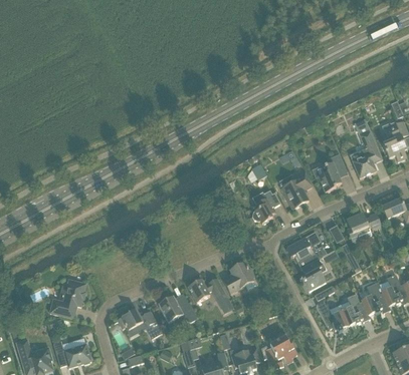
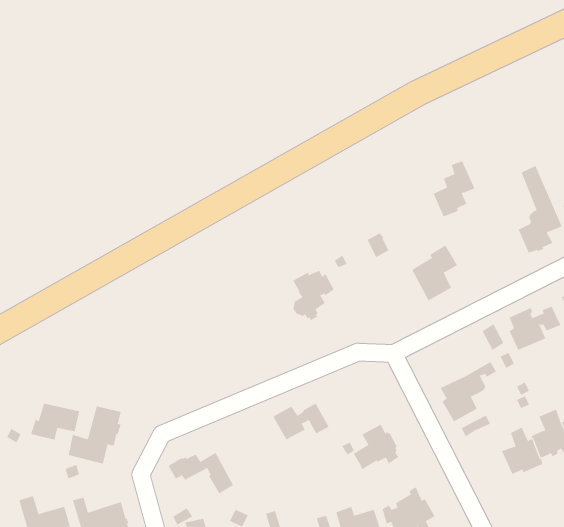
building: [318,153,347,192] -> [433,160,476,217]
building: [251,190,279,224] -> [293,270,334,321]
building: [285,231,320,267] -> none
building: [223,262,254,293] -> [353,424,399,470]
building: none -> [30,403,80,440]
building: [158,295,197,322] -> none
building: [316,300,348,331] -> none

